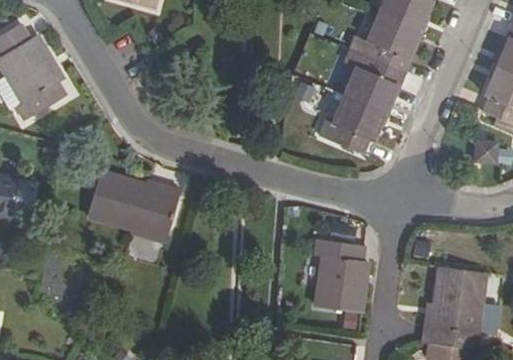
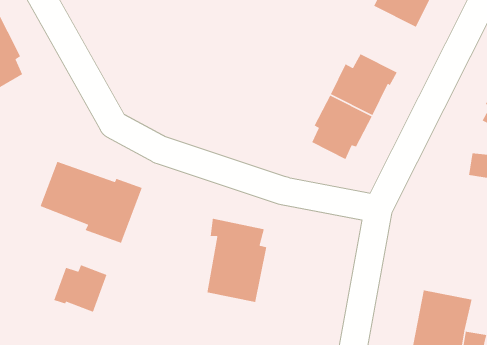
building: [367,12,419,71] -> none
building: [315,238,368,313] -> [206,218,267,303]
building: none -> [53,264,107,313]

